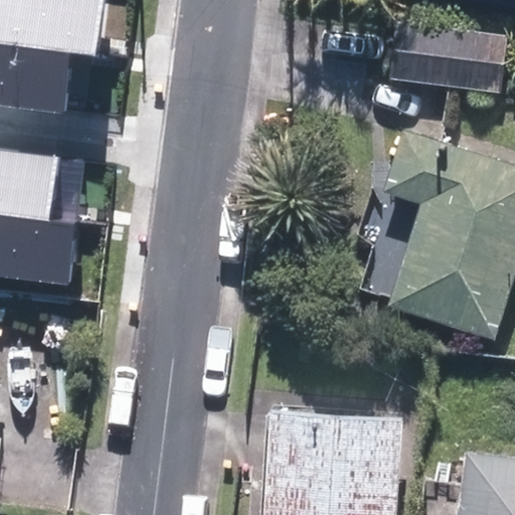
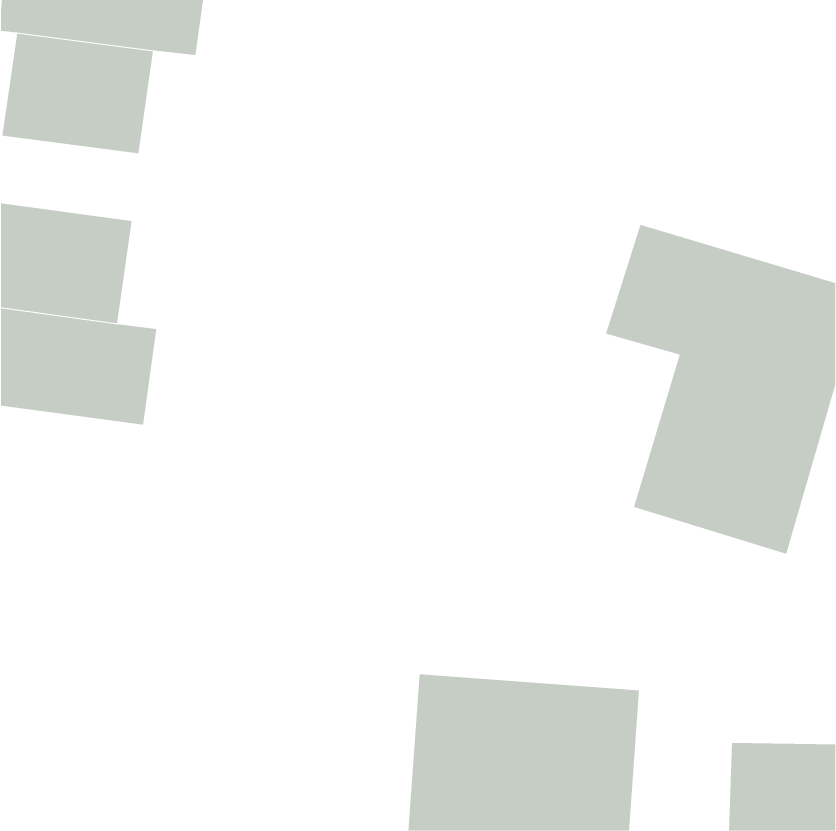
building: [384,28,506,93] -> none

